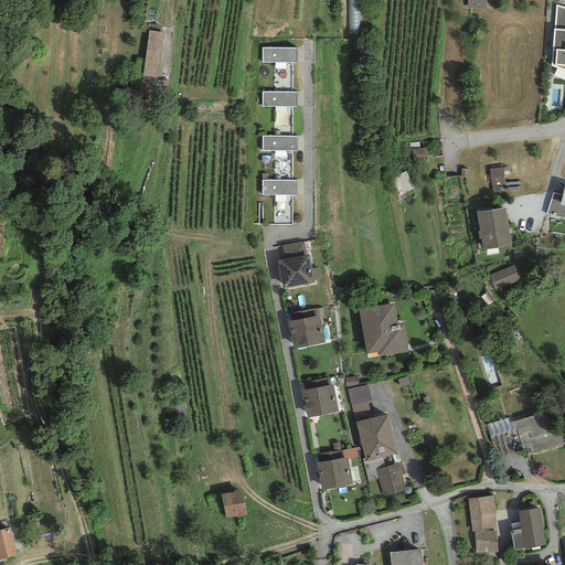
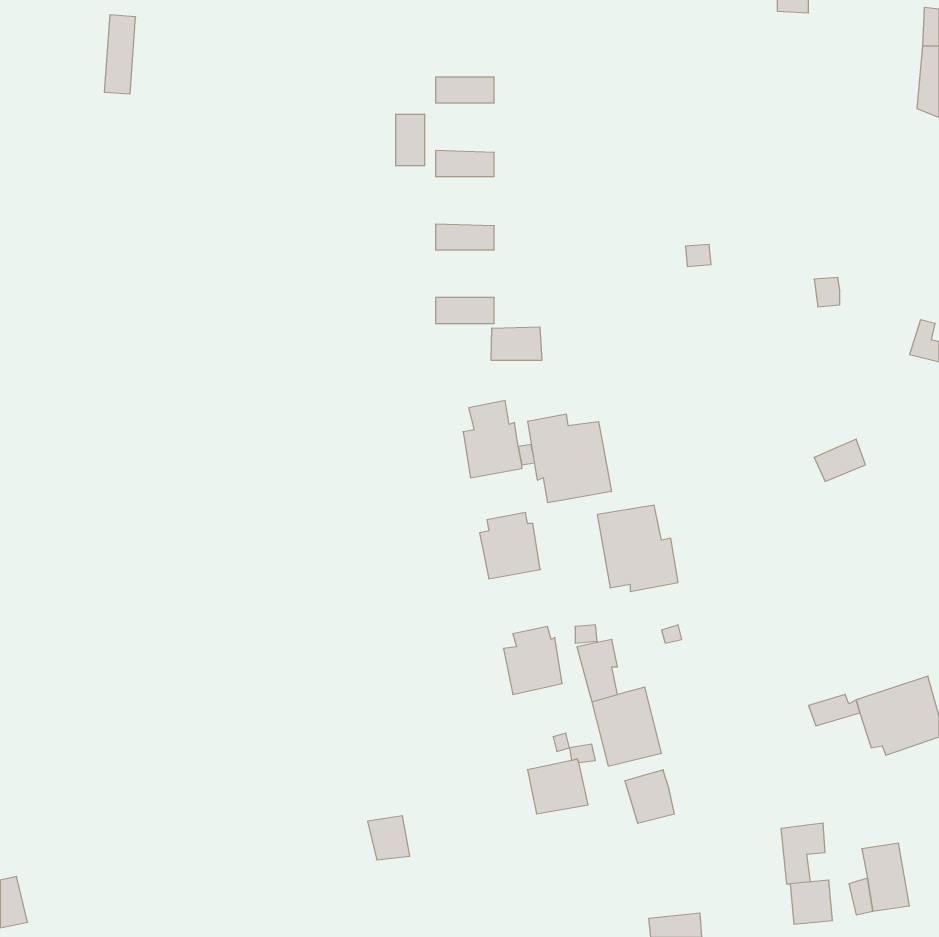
building: [143,30,162,77] -> [104,15,136,94]
building: none -> [396,114,425,166]
building: none -> [491,327,542,360]
building: [477,206,511,249] -> none
building: none -> [528,414,611,503]

